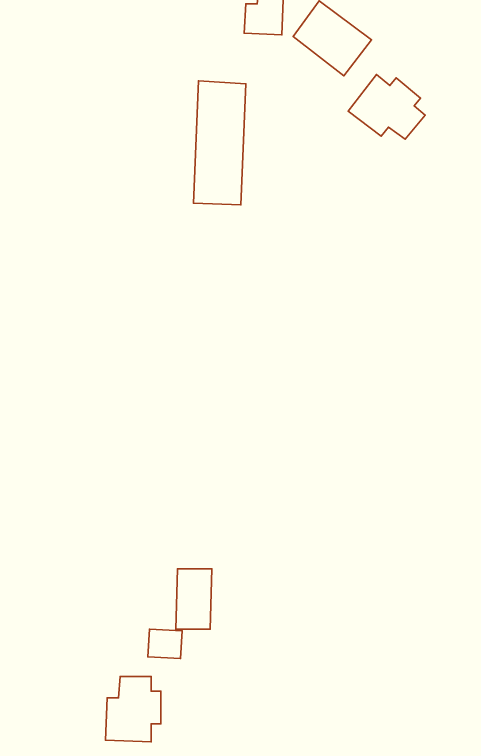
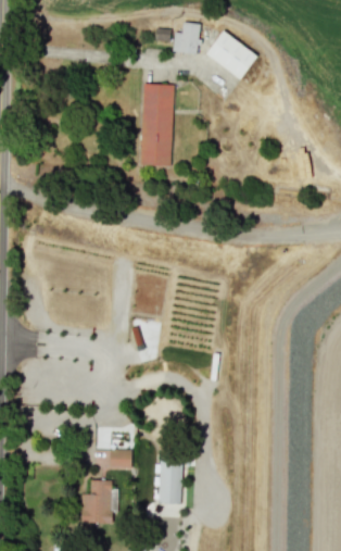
building: [348,74,425,139] -> none
building: [176,569,212,629] -> [157,463,181,503]

